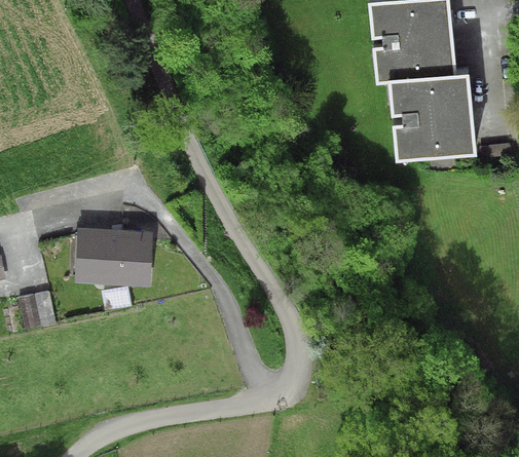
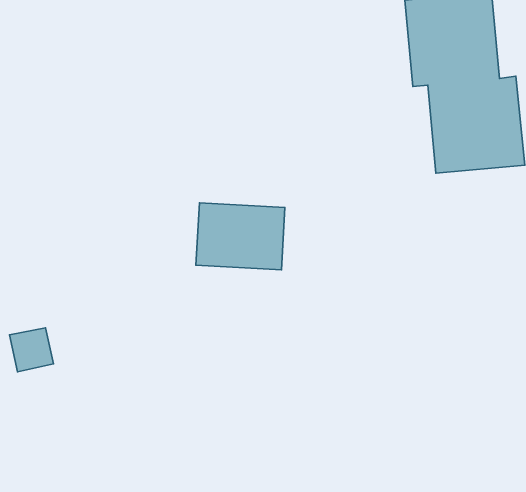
building: [74,229,153,289] -> [196,203,285,270]

